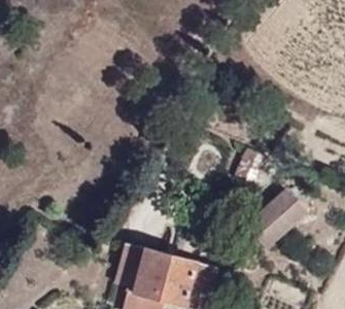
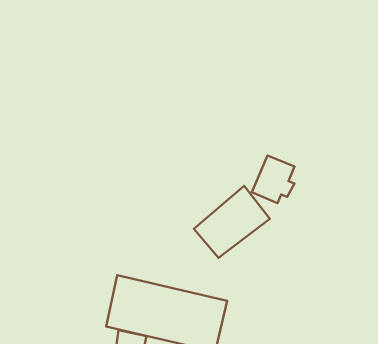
building: [248,184,312,245] -> [194,186,270,258]

